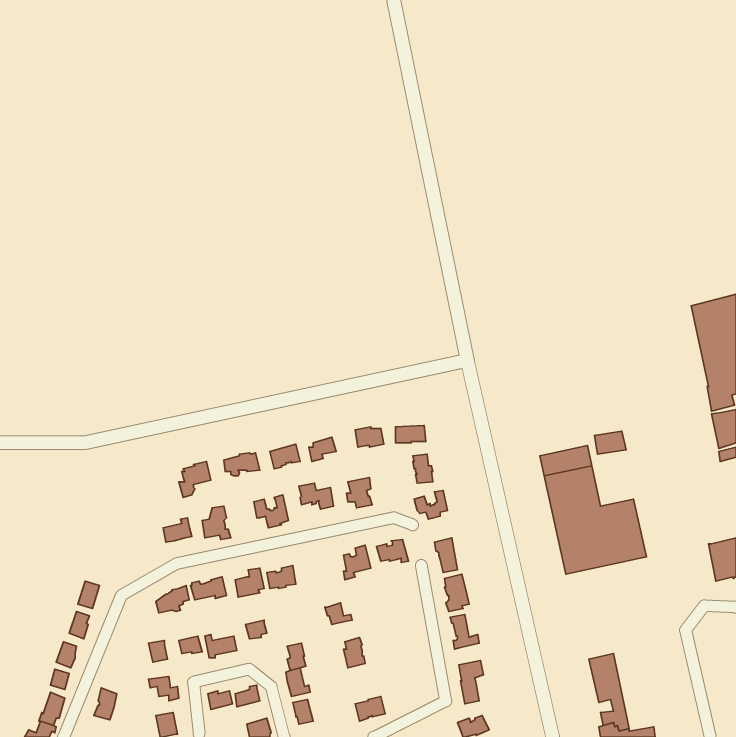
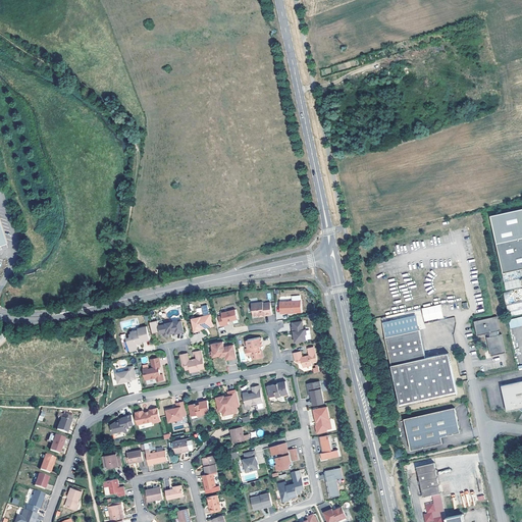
building: none -> [473,315,505,355]
building: none -> [215,389,240,415]
building: none -> [403,407,459,450]
building: none -> [269,442,299,469]
building: none -> [278,470,304,501]

